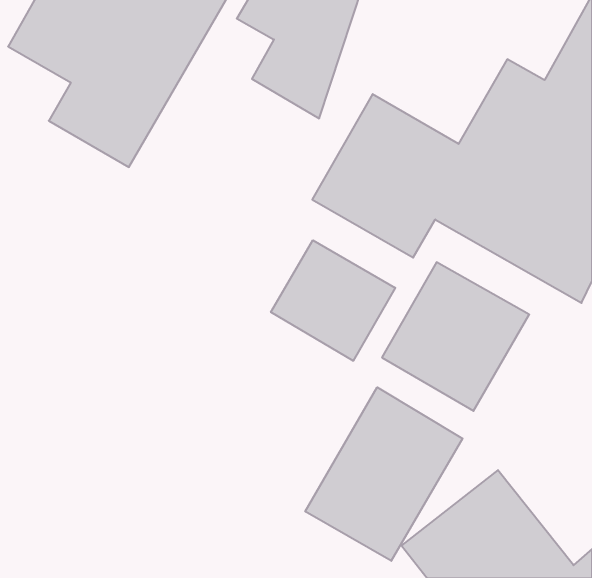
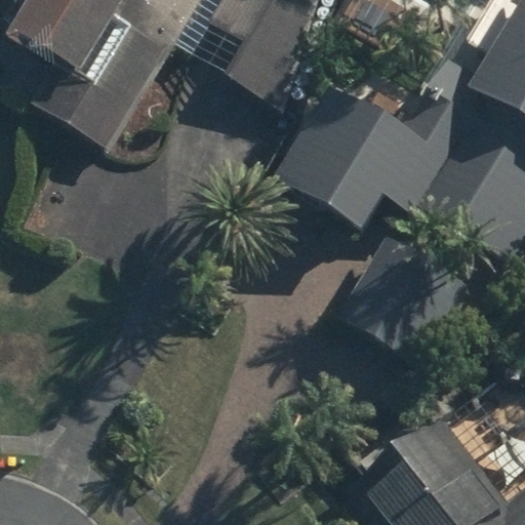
building: [271,240,395,361] -> none
building: [305,387,463,561] -> none

